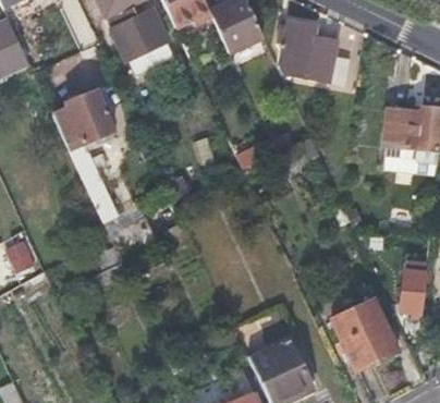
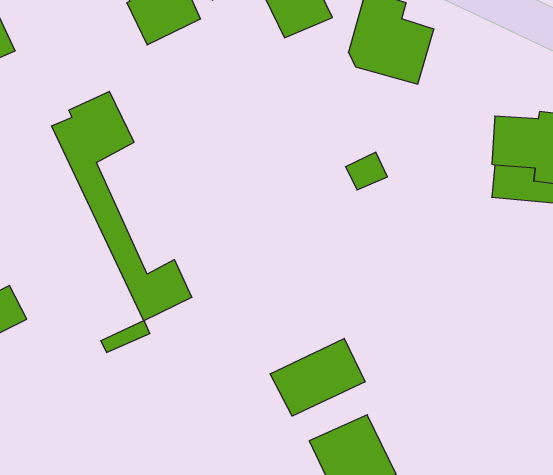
building: [401,271,427,314] -> none
building: none -> [270,338,365,416]
building: [333,297,398,367] -> none

